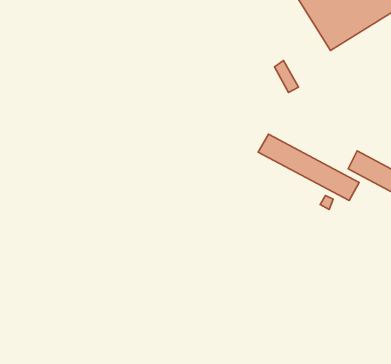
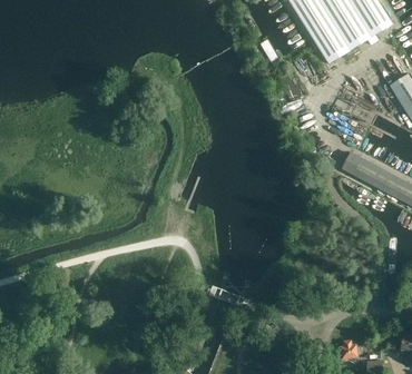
building: [258,134,359,201] -> none

